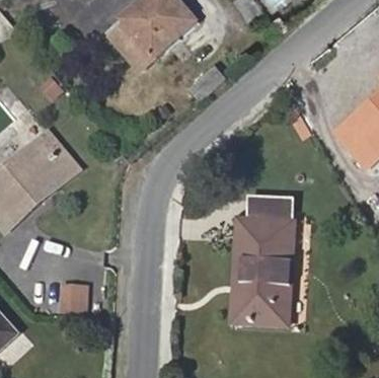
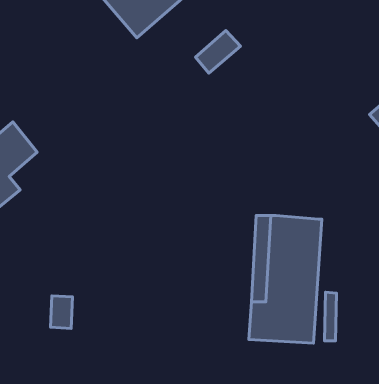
building: [33,131,77,197] -> none
building: [255,197,293,221] -> none

